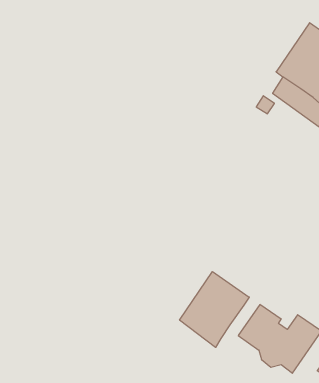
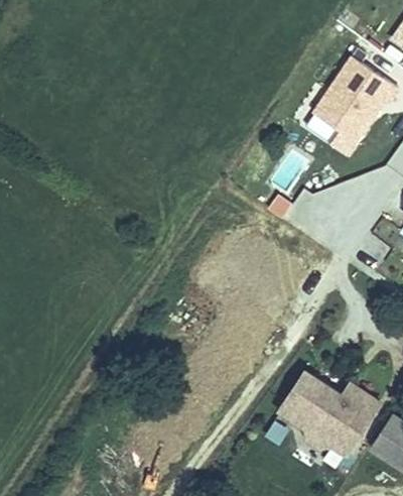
building: [180,272,249,347] -> none

